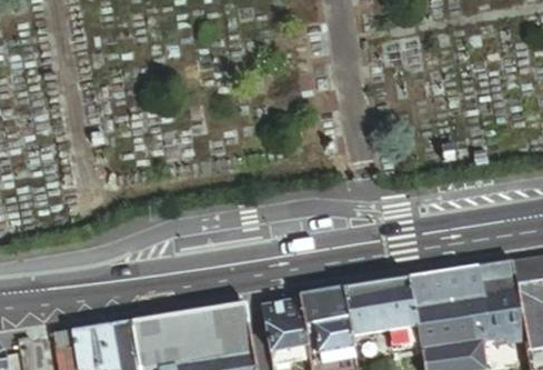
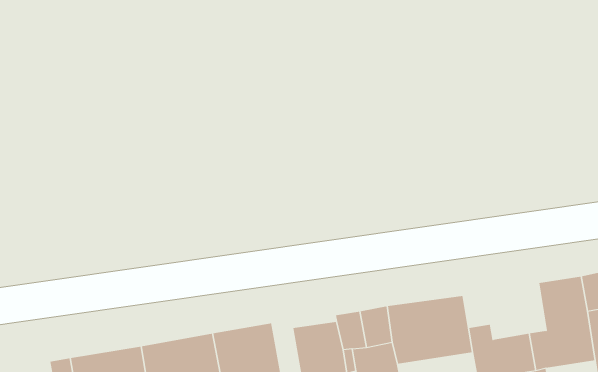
building: [409,266,480,314] -> none

